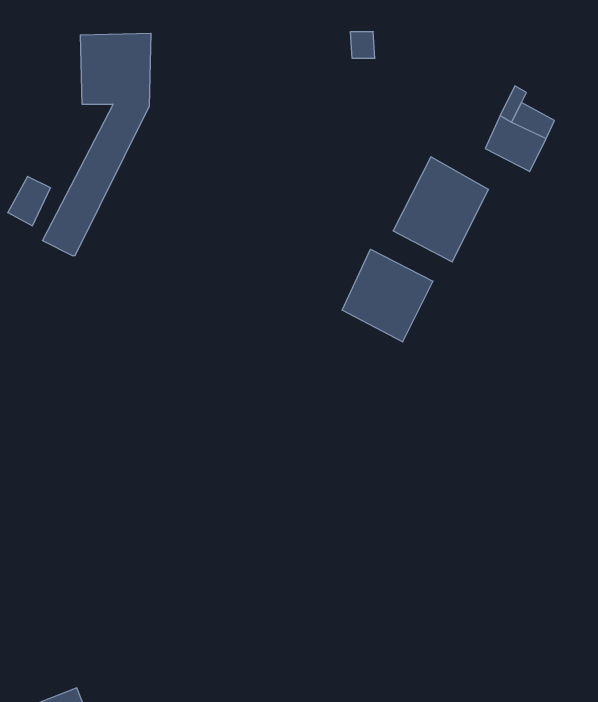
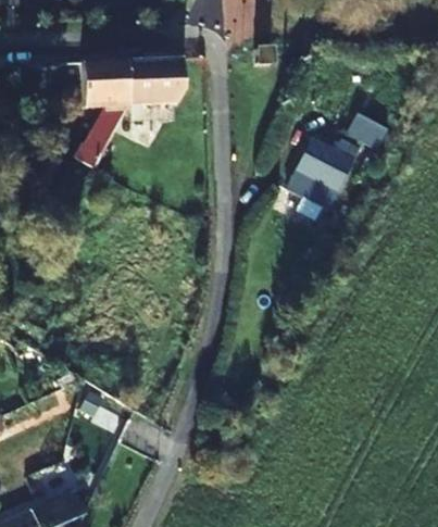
building: none -> [124,59,183,109]
building: [342,249,433,342] -> none

